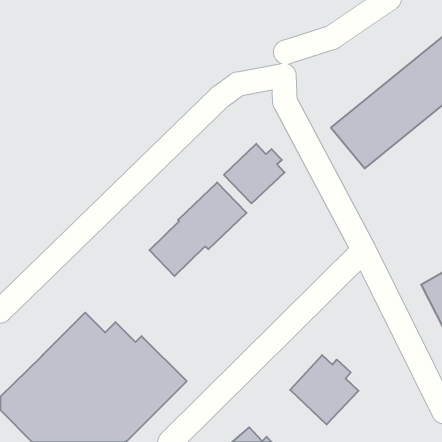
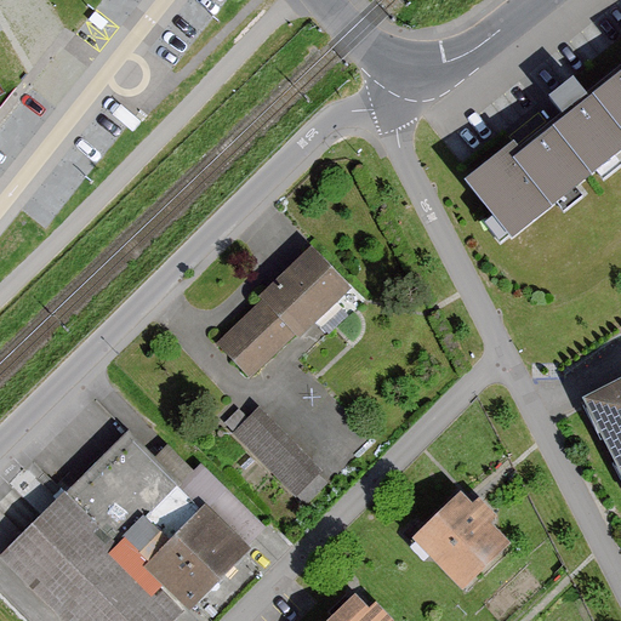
building: [224,144,285,203] -> none
building: none -> [232,412,321,501]

